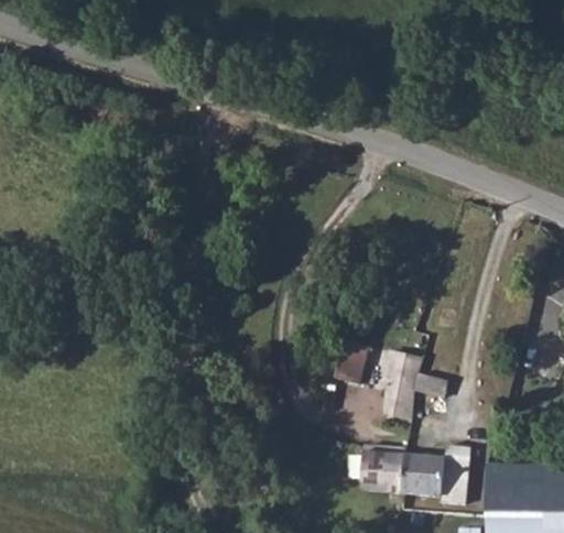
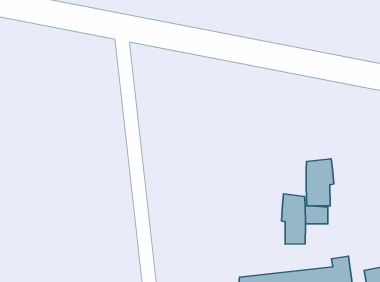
building: none -> [306,159,334,206]
building: [334,339,370,382] -> none

